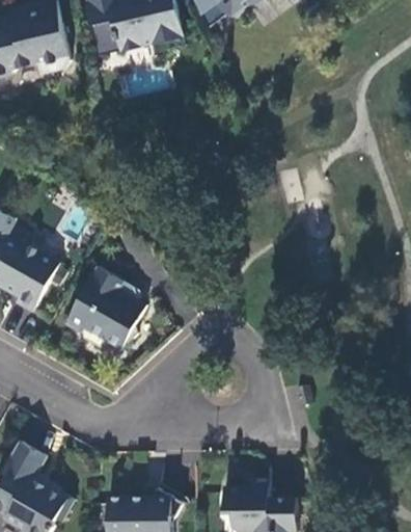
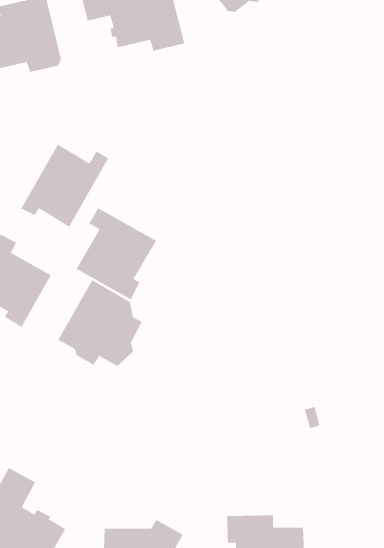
building: none -> [20,144,109,228]
building: none -> [76,207,157,301]

